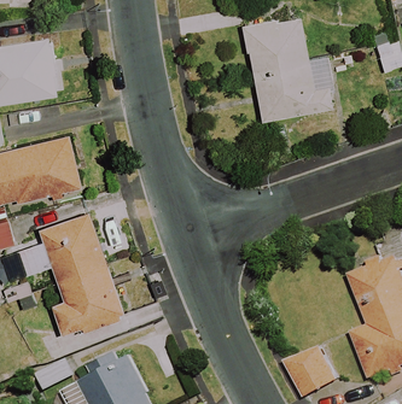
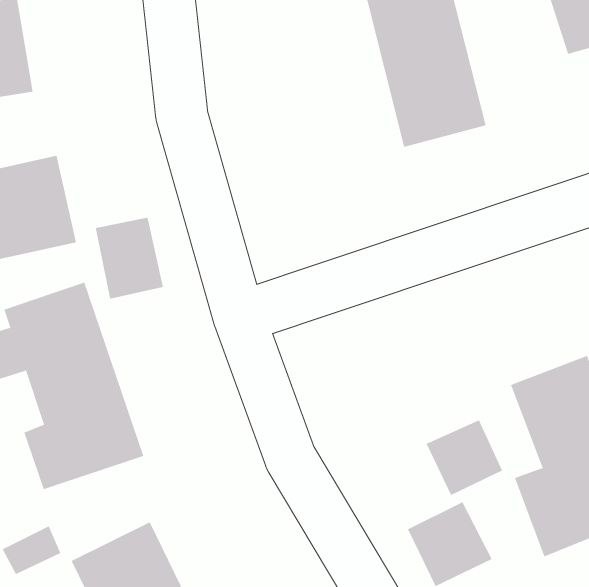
building: none -> [95,217,164,299]
building: none -> [426,420,503,496]

